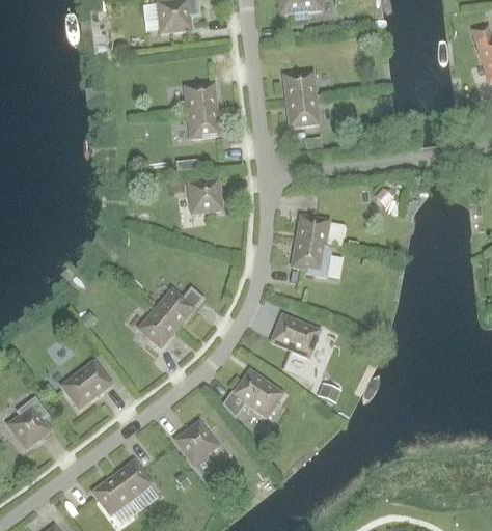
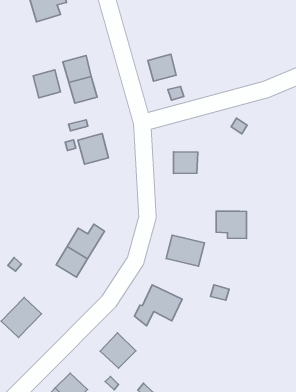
building: [283,72,316,101] -> none
building: none -> [33,70,61,98]
building: [292,241,332,279] -> [216,211,247,238]

